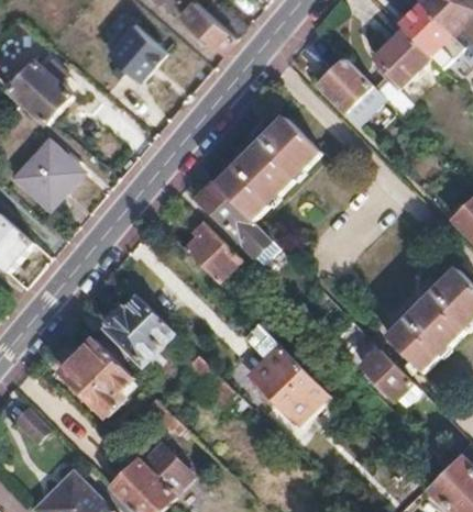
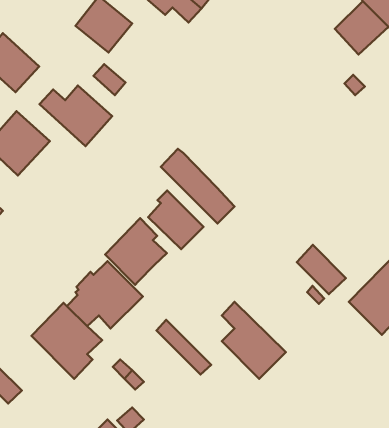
building: [319,56,384,121] -> none
building: none -> [39,86,112,146]
building: [217,115,321,219] -> none
building: none -> [105,218,167,285]
building: [361,348,411,399] -> [297,245,346,294]

